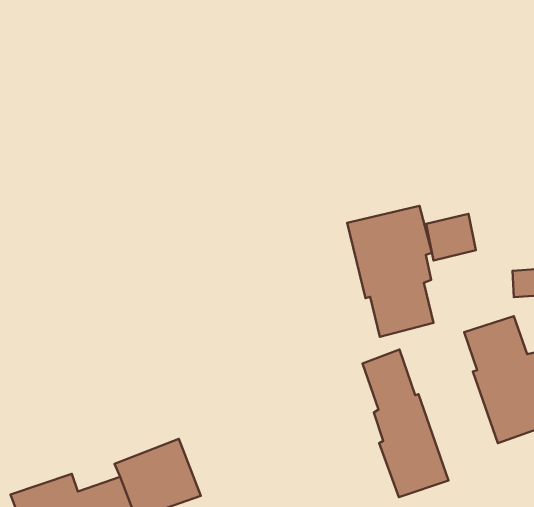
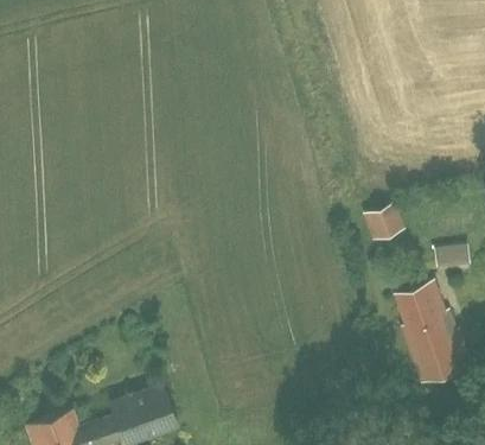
building: [347,206,433,337] -> none
building: [363,349,449,497] -> none

